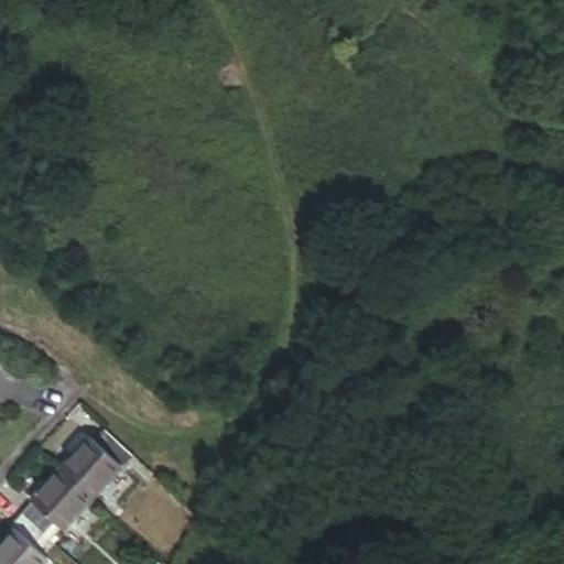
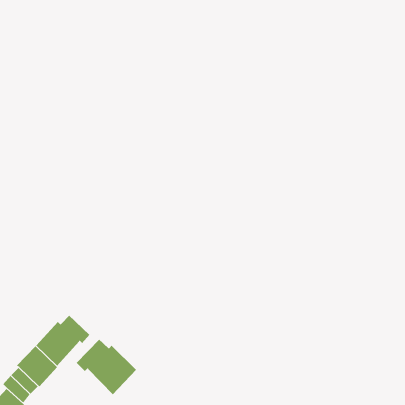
building: none -> [76,339,137,395]

